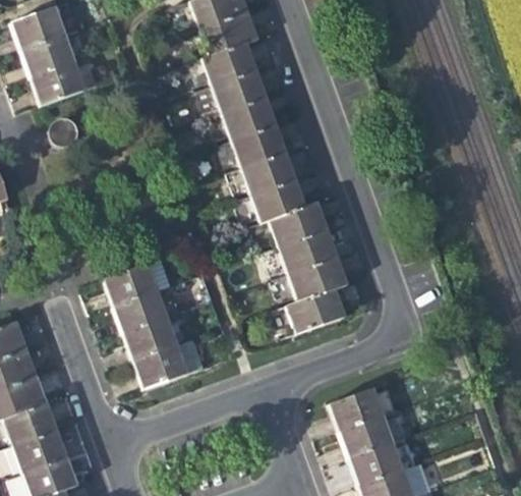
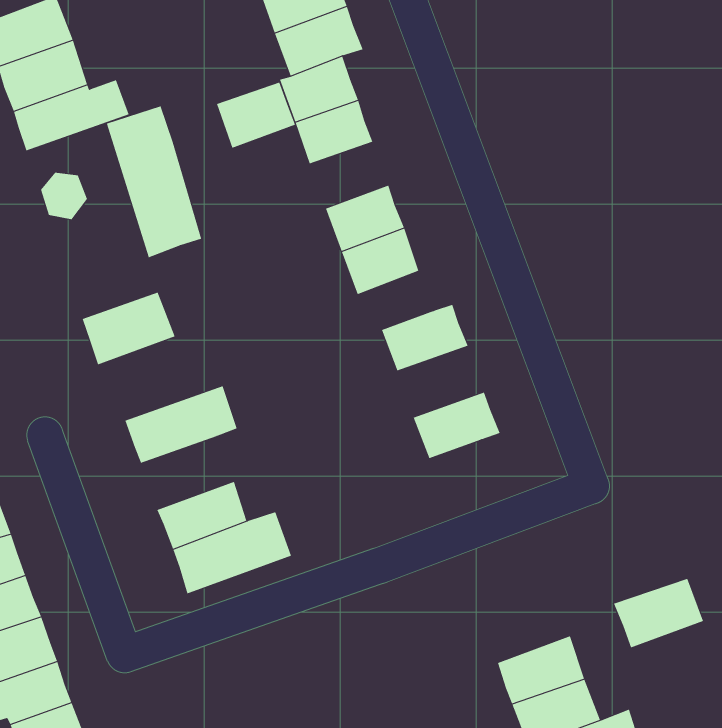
building: none -> [106,106,202,258]
building: [222,100,273,143] -> [216,82,296,149]
building: [252,182,301,222] -> none
building: [278,230,334,276] -> none
building: [114,288,174,335] -> [82,292,176,365]
building: [287,290,341,334] -> none
building: [331,388,389,433] -> [613,578,704,648]

